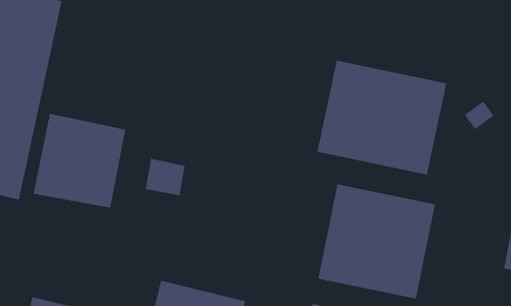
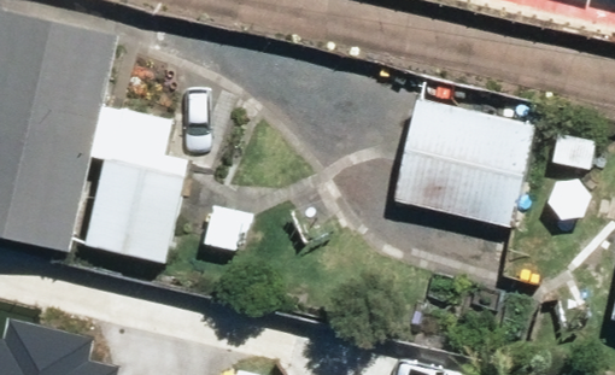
building: [317,183,436,300] -> none

